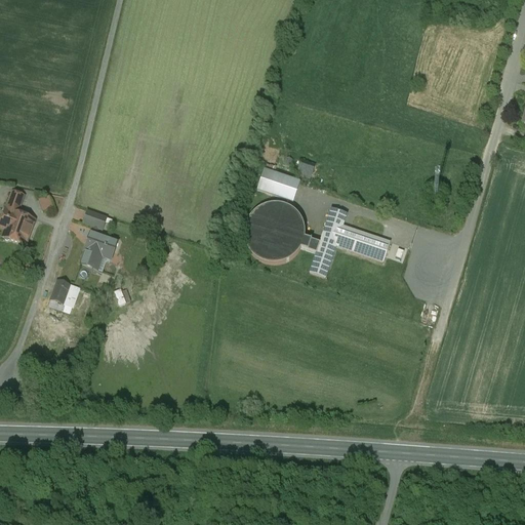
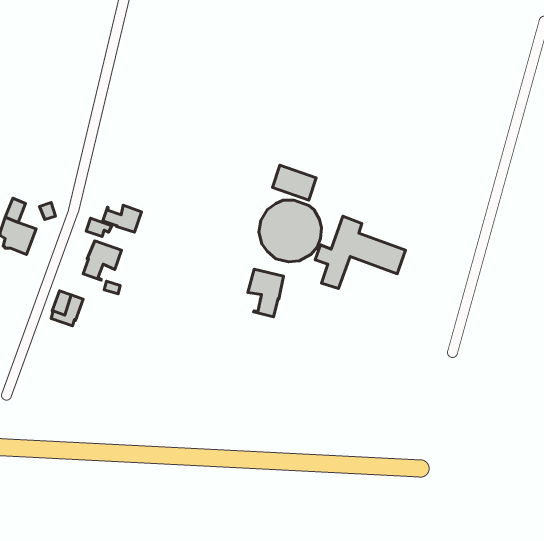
building: none -> [103,205,142,232]
building: none -> [248,269,284,317]

